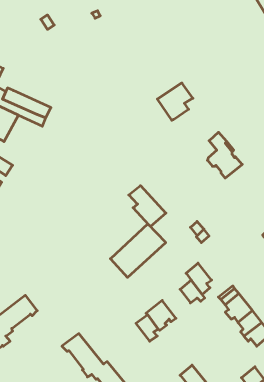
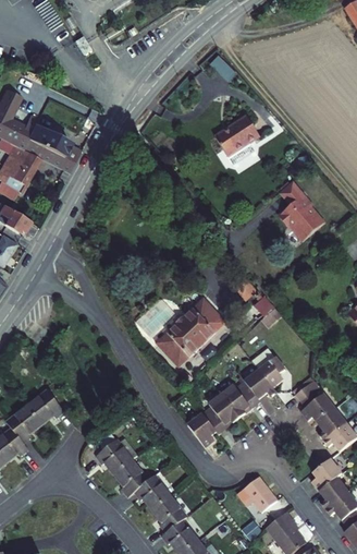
building: [129,186,166,227] -> none
building: none -> [222,377,260,418]
building: none -> [316,461,345,494]

